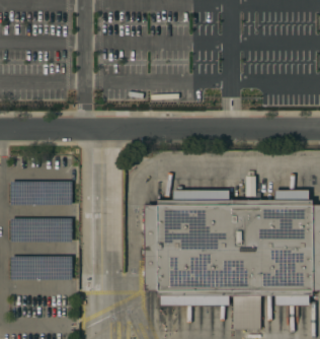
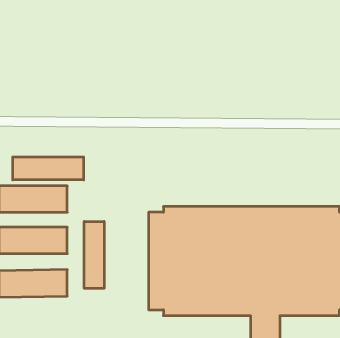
building: none -> [13,157,84,180]
building: none -> [84,221,104,288]

